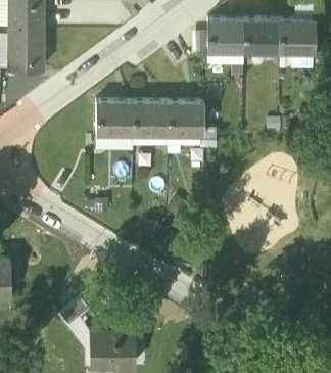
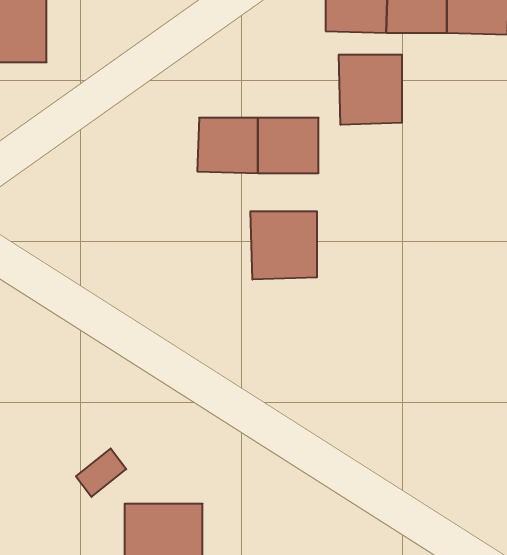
building: none -> [339,55,402,125]
building: [96,103,133,136] -> none
building: none -> [250,211,317,280]

